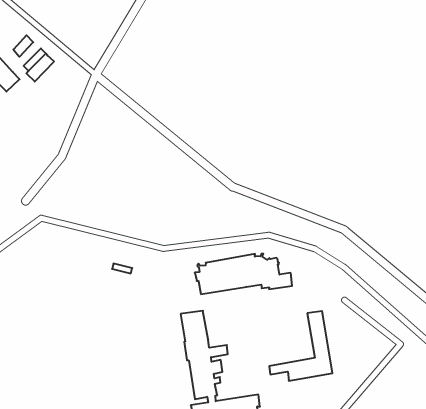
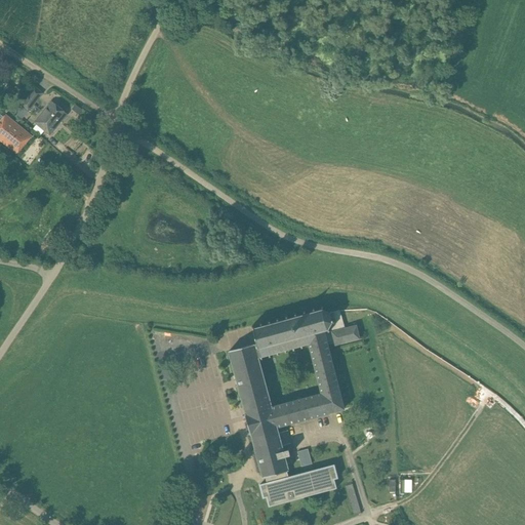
building: none -> [230,344,262,382]
building: [269,311,332,381] -> [272,340,344,422]

